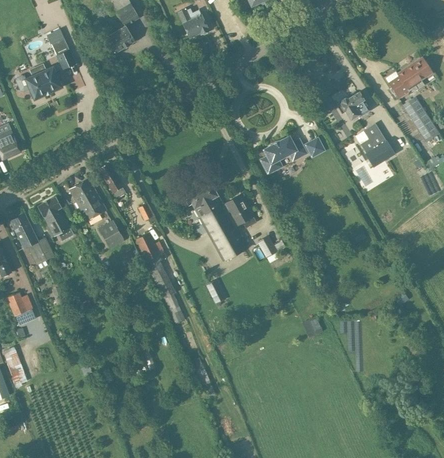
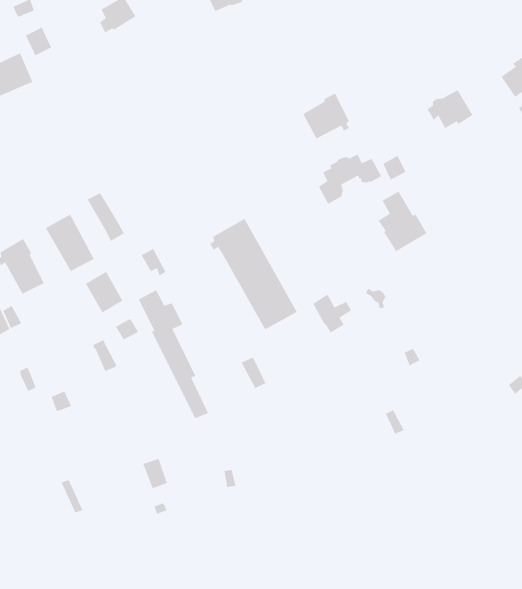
building: none -> [302,92,350,139]
building: [360,124,395,167] -> [377,191,427,252]
building: [225,195,256,227] -> none

